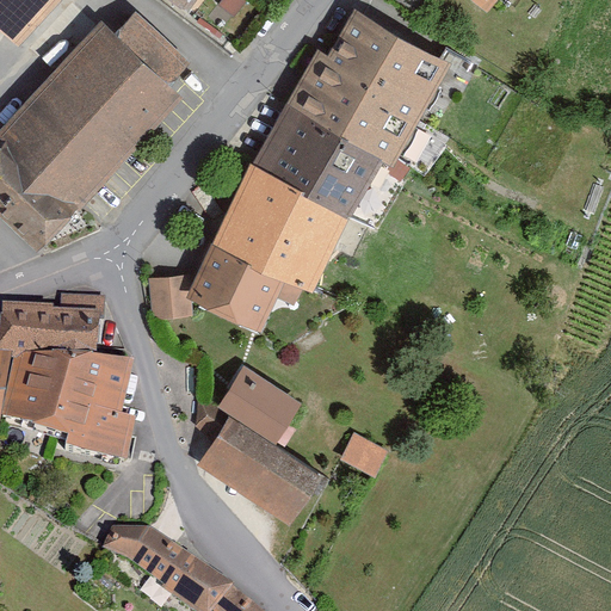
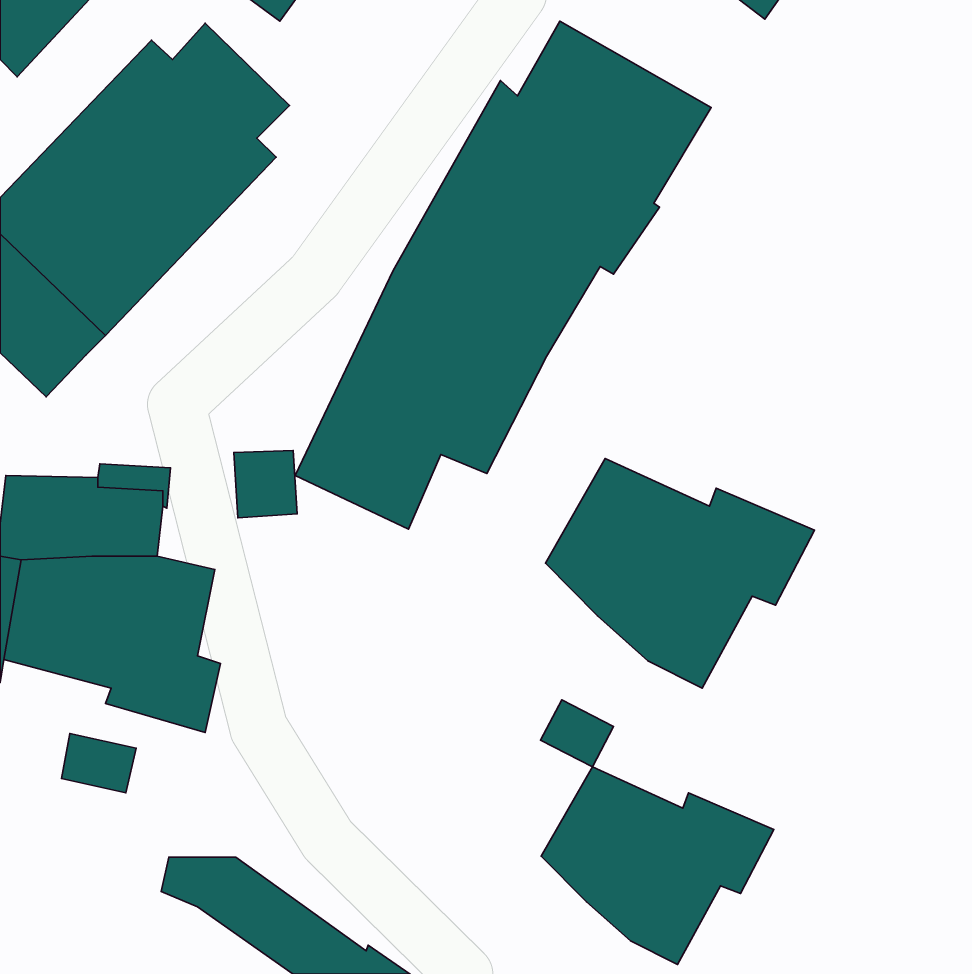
building: none -> [545,459,814,688]
building: [198,370,315,520] -> none
building: none -> [62,733,136,793]
building: none -> [541,767,774,964]

